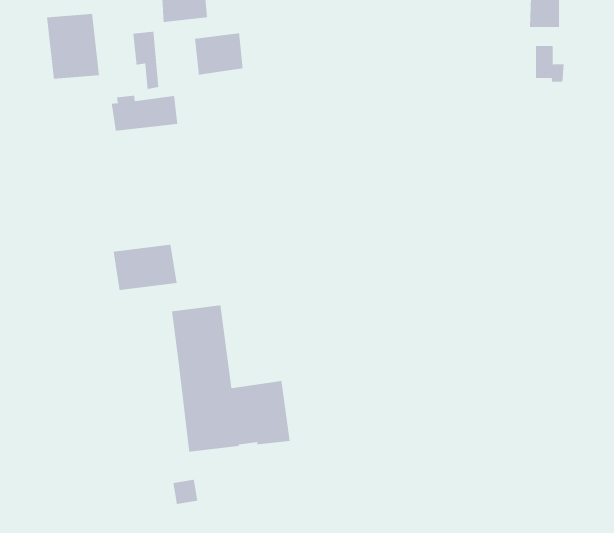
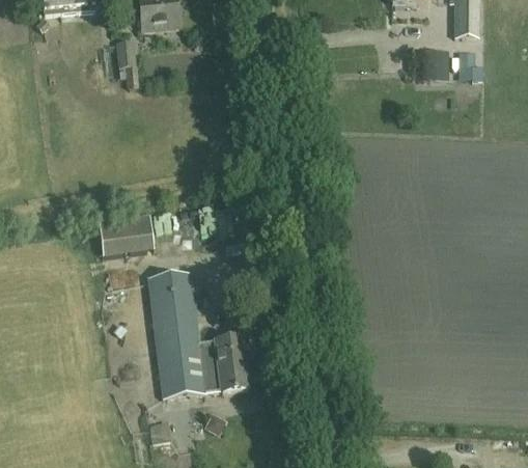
building: [47,13,99,80] -> none
building: [194,33,243,76] -> none
building: [111,95,178,131] -> none

